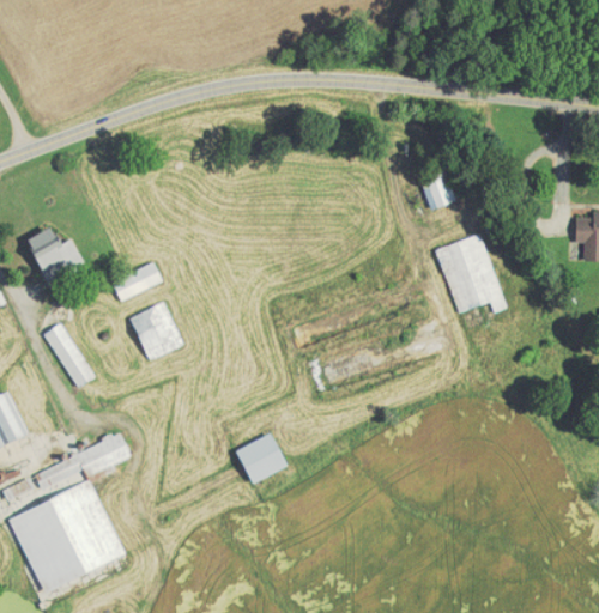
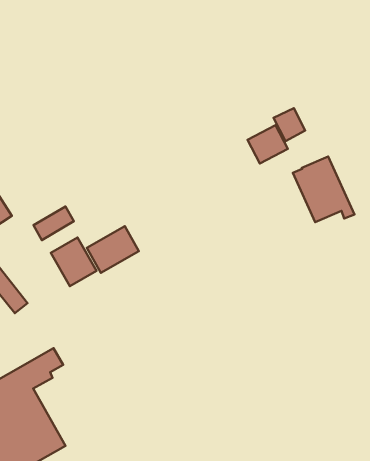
building: none -> [247,125,288,163]
building: none -> [87,226,139,273]
building: [235,432,286,484] -> none

